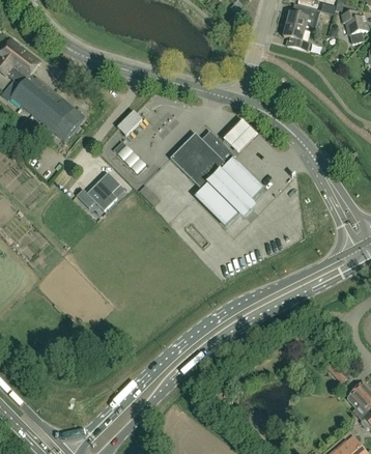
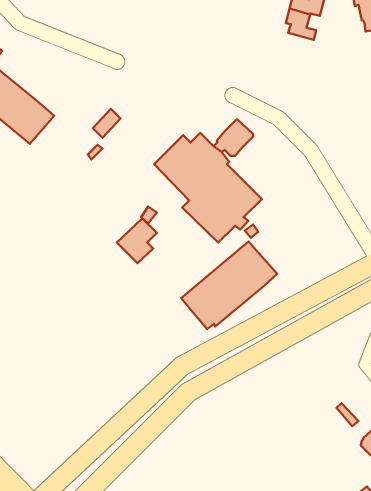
building: [86,172,120,210] -> [117,218,157,263]
building: none -> [181,241,277,329]

